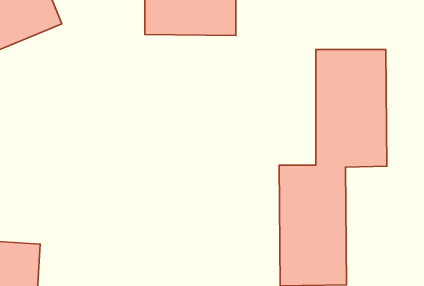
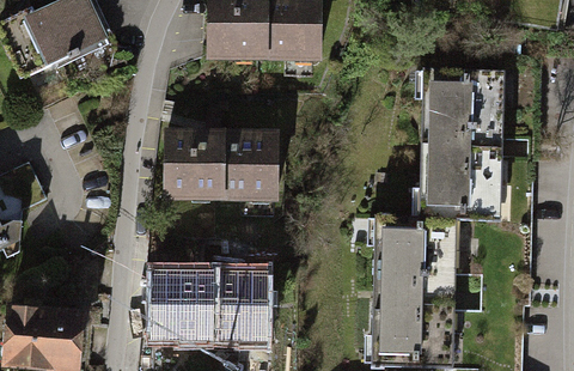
building: none -> [172,130,280,200]
building: none -> [154,270,262,339]

